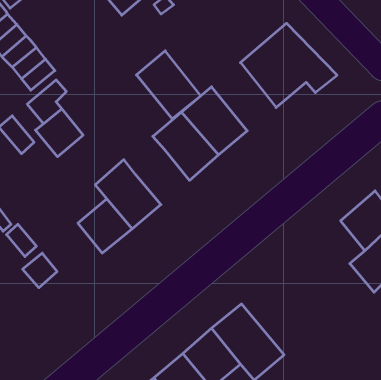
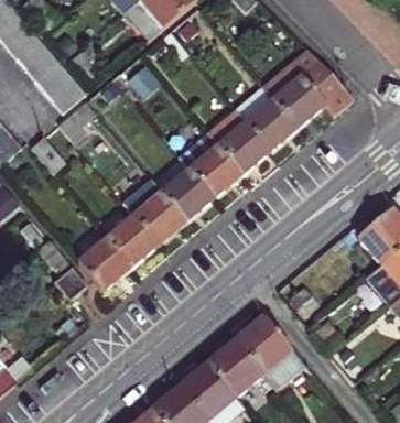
building: [136,51,201,119] -> [235,86,296,151]
building: [35,109,83,157] -> none
building: none -> [162,169,214,221]
building: none -> [78,239,130,291]

